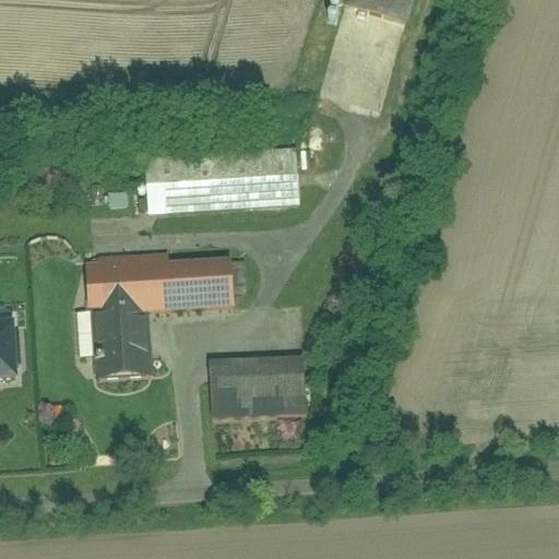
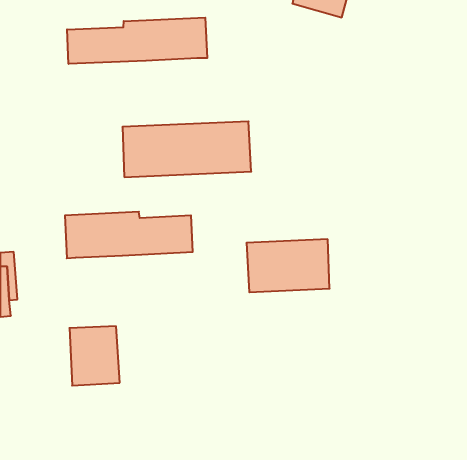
building: none -> [67,18,207,64]
building: [91,306,151,377] -> [69,326,120,386]
building: [206,356,306,419] -> [246,239,330,292]

